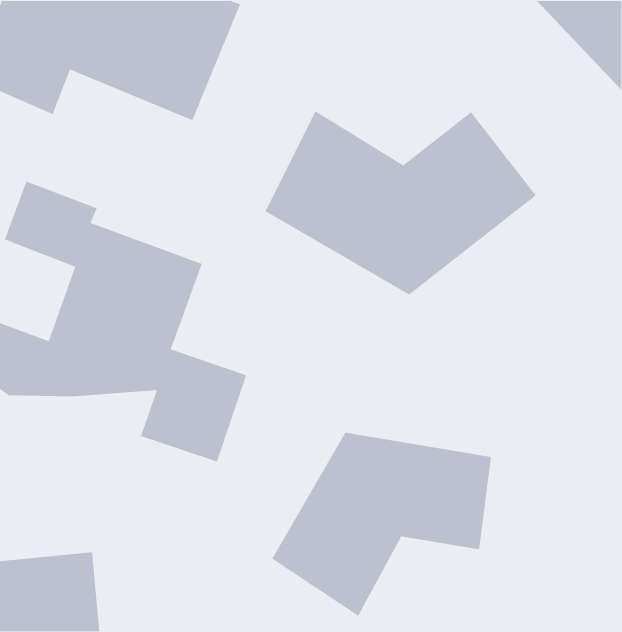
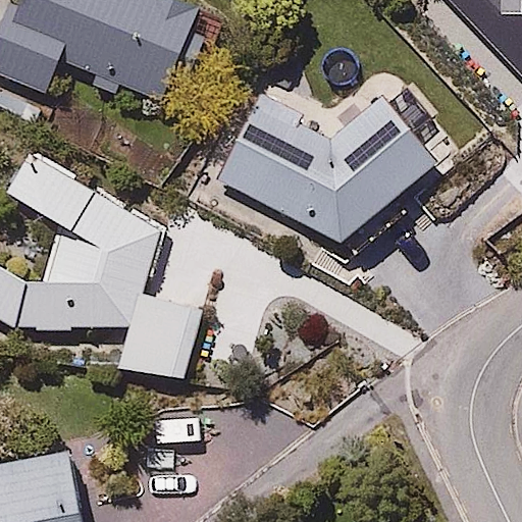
building: [271,432,492,617] -> none

